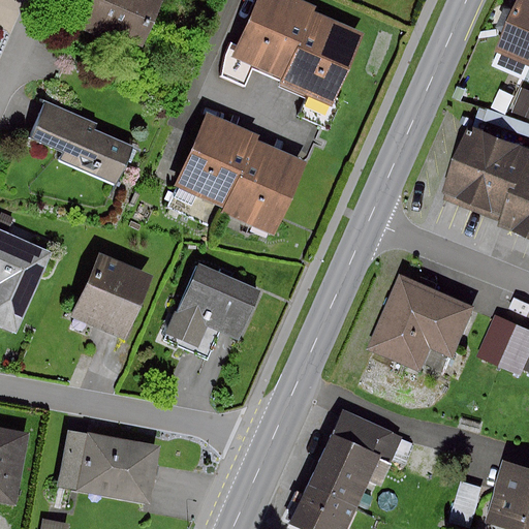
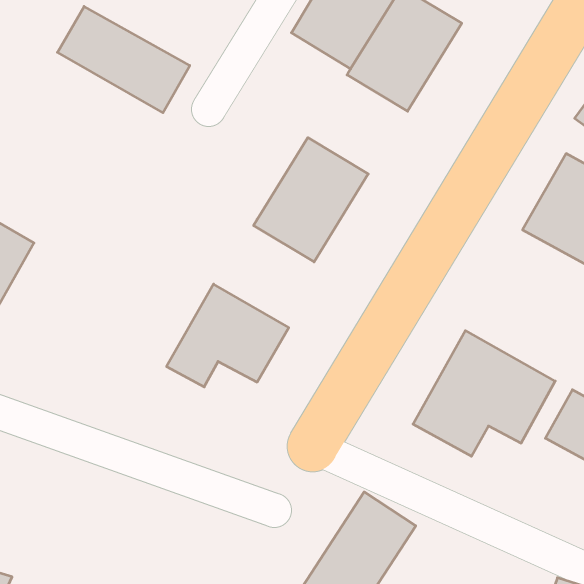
building: [32,104,138,181] -> [57,6,190,113]
building: [175,112,260,210] -> none
building: [71,250,153,334] -> none
building: [64,431,156,496] -> none

